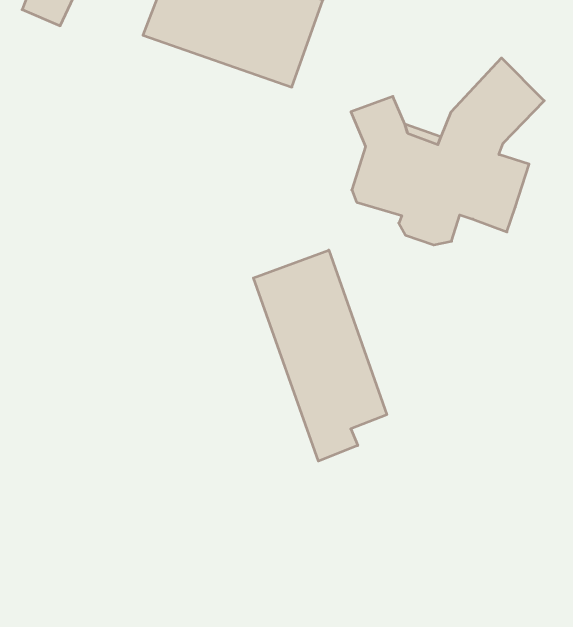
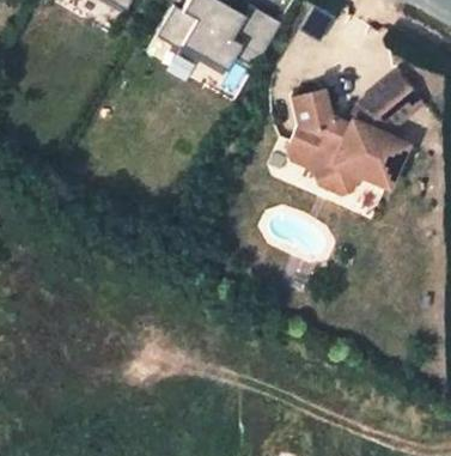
building: [253,250,387,461] -> none

